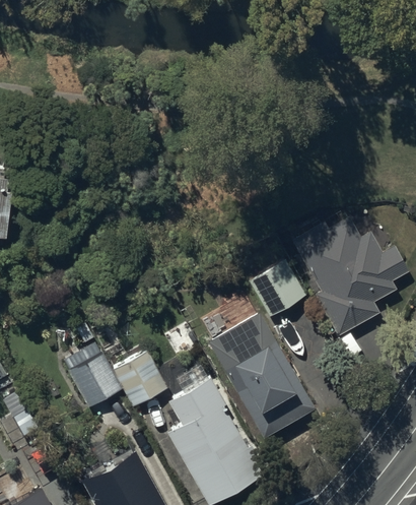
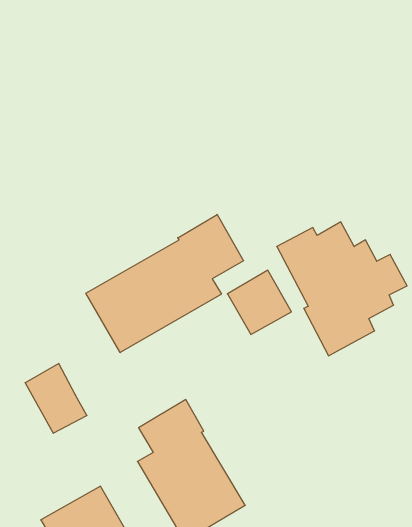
building: none -> [86,214,244,353]
building: [213,318,314,438] -> none
building: [111,352,168,409] -> none

